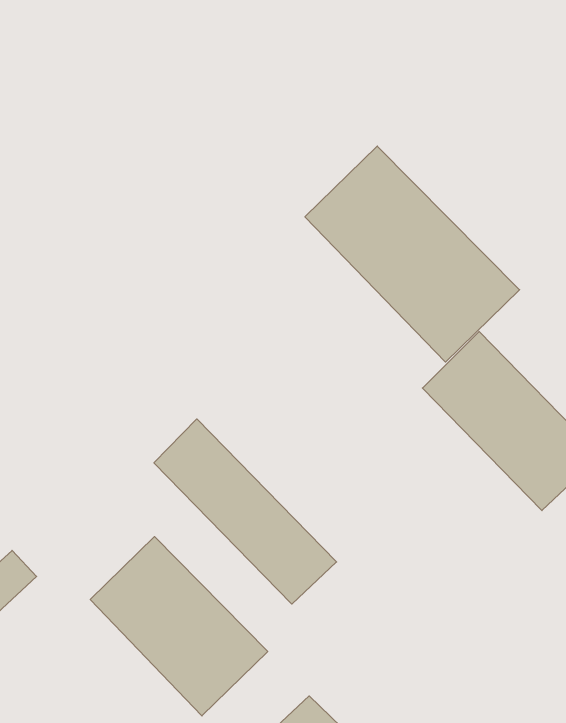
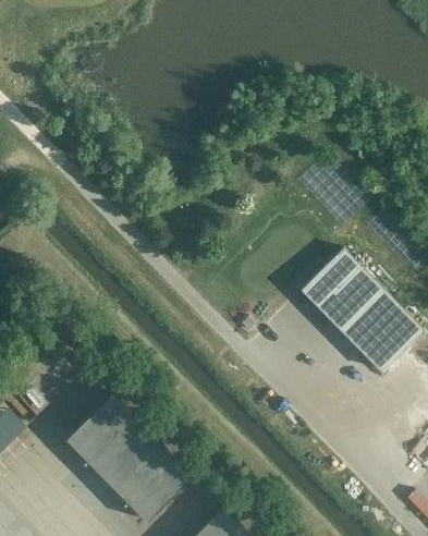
building: [305,146,520,362] -> none
building: [154,419,337,604] -> none

